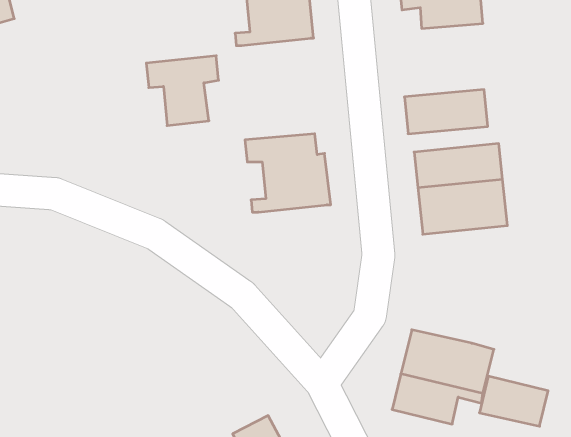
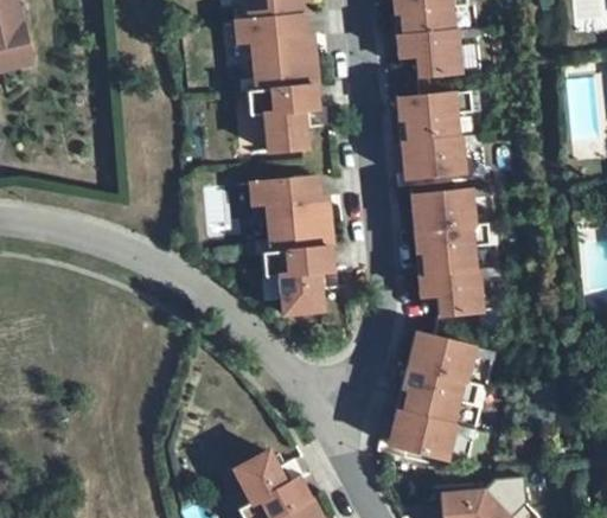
building: none -> [396,91,478,142]
building: [146,56,219,126] -> [243,85,313,153]
building: none -> [260,247,328,314]
building: none -> [418,267,504,315]
building: [479,376,548,426] -> [408,332,474,380]

